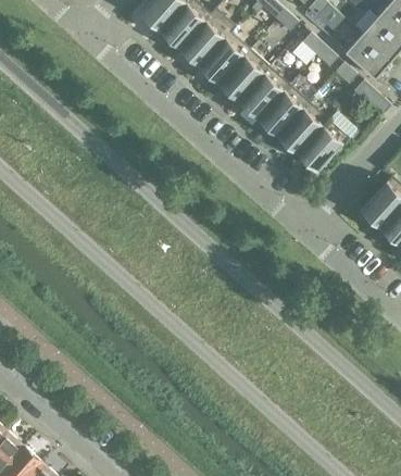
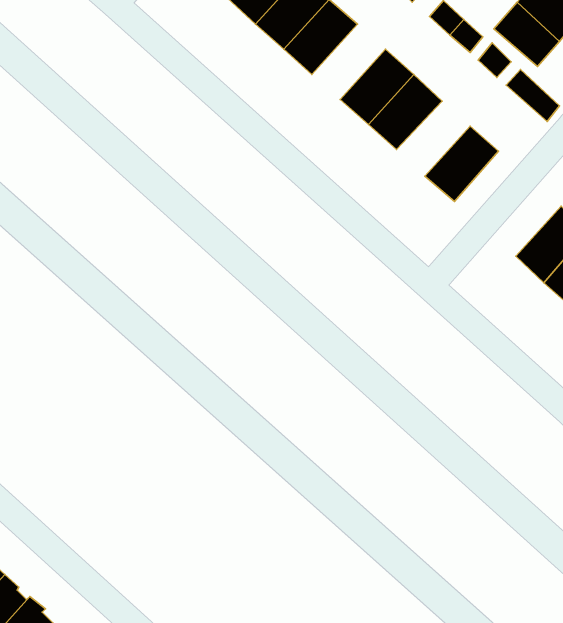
building: [218,49,270,101] -> none
building: [277,102,328,154] -> none

